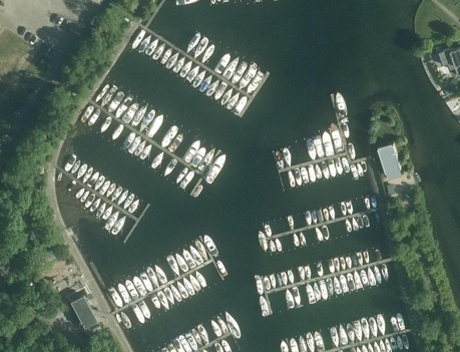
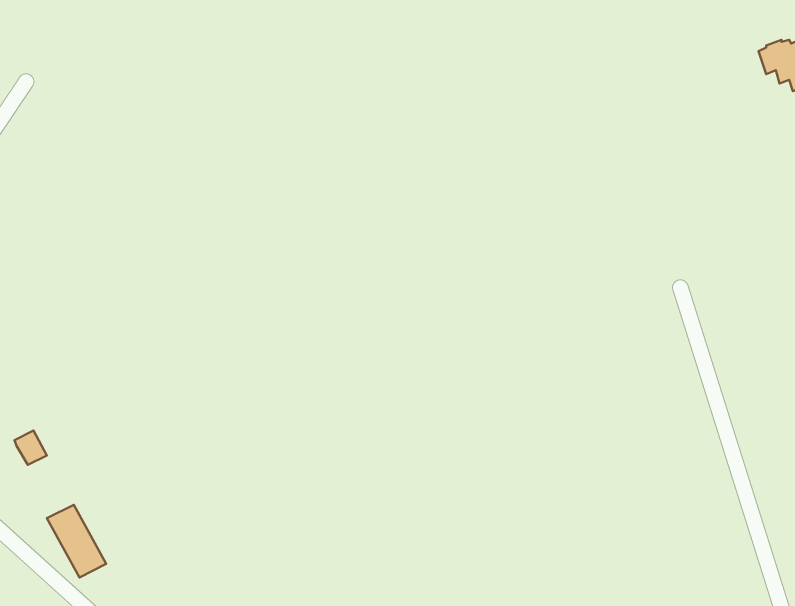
building: [379,145,402,177] -> none

